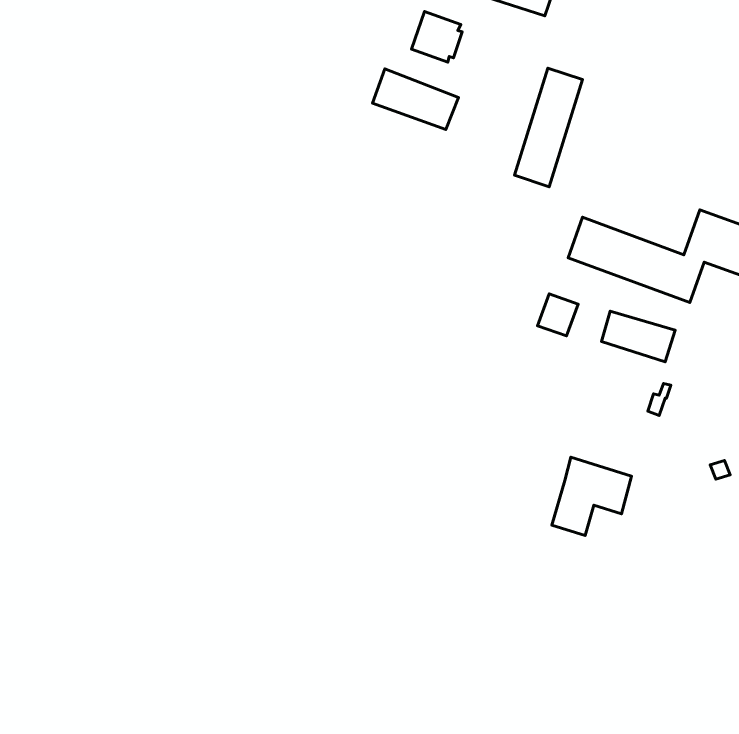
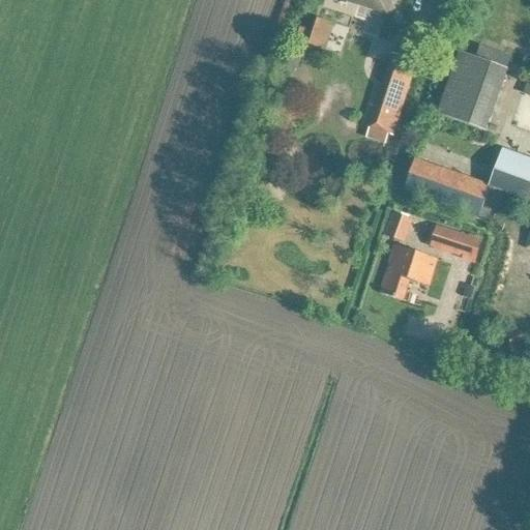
building: none -> [438,48,507,127]
building: [372,69,459,130] -> none
building: [552,457,632,535] -> [383,244,440,300]

